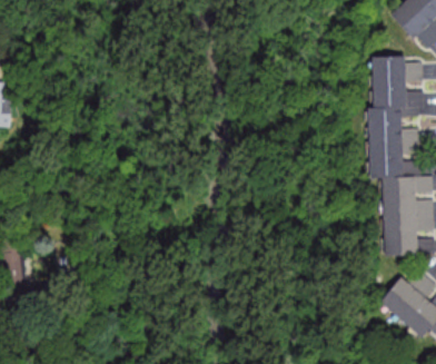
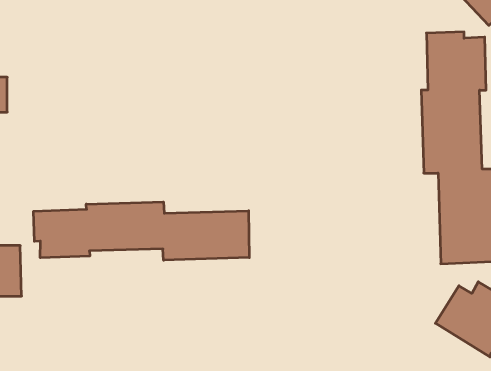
building: none -> [34,202,249,260]

